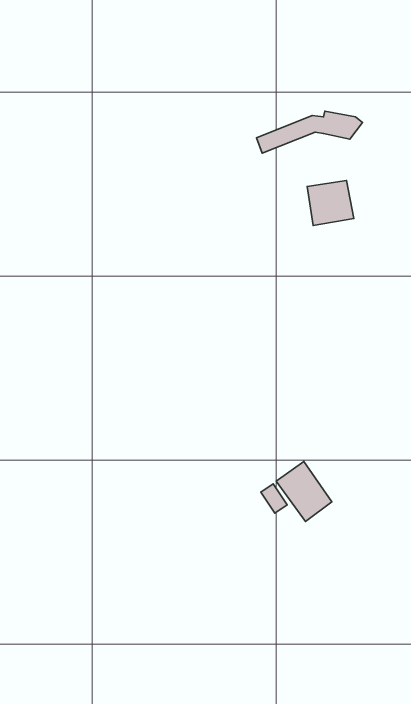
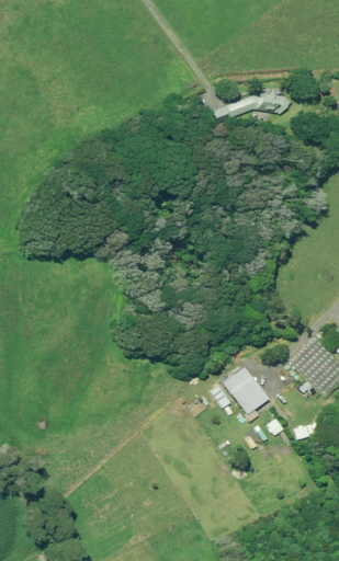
building: [307,180,354,225] -> none

